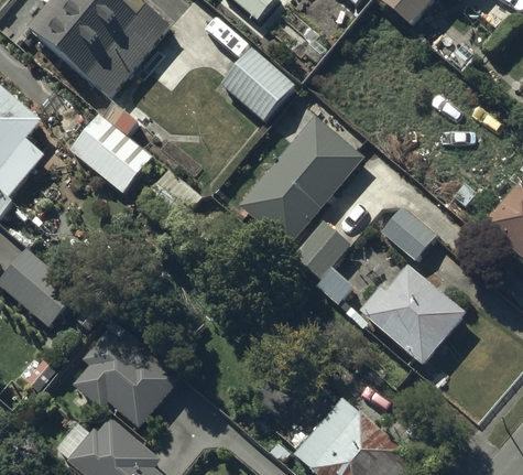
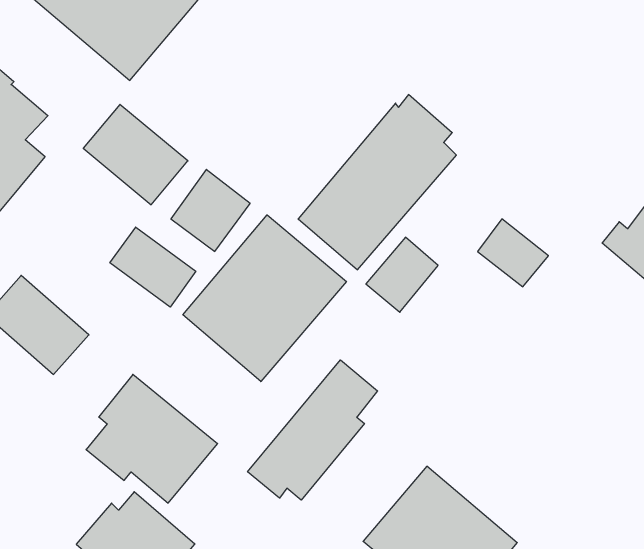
building: [219,45,295,120] -> none
building: none -> [183,215,346,382]
building: none -> [110,227,196,307]
building: [359,268,465,367] -> none
building: none -> [248,360,378,500]

